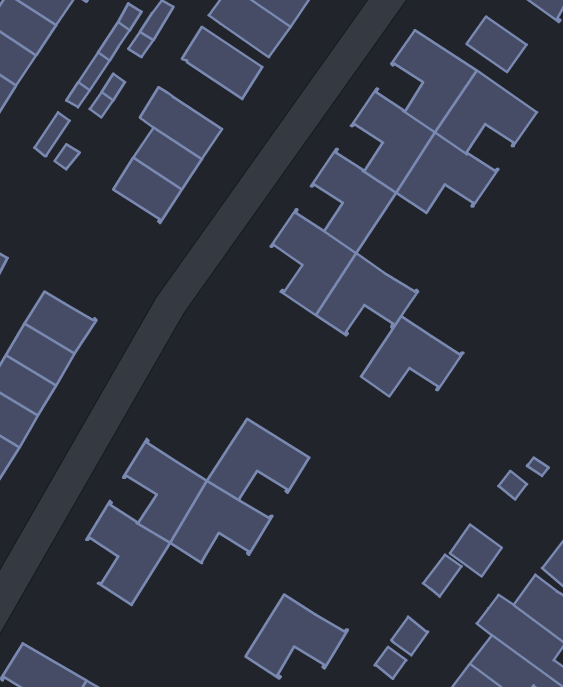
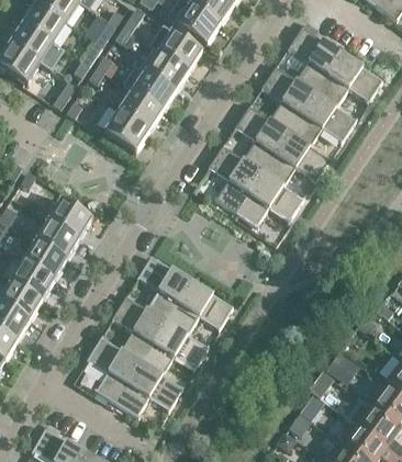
building: [467,17,527,72] -> none
building: none -> [139,48,189,92]
building: [361,316,463,396] -> [264,134,331,187]
building: none -> [136,257,192,323]
building: [246,595,348,678] -> [116,363,183,418]

